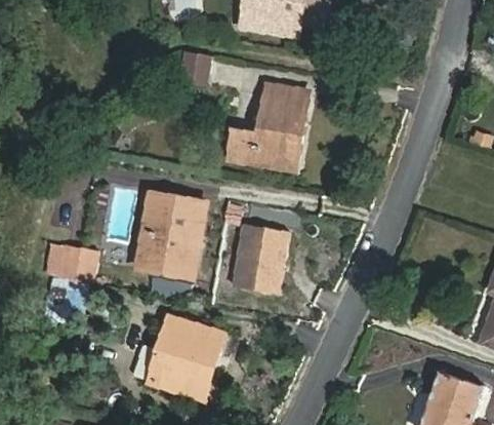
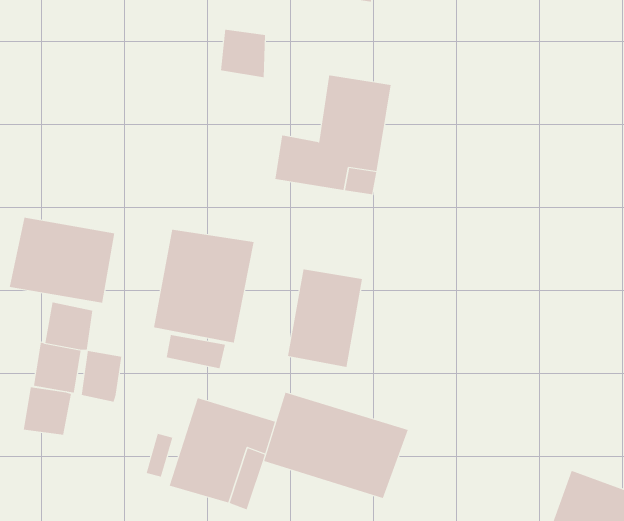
building: none -> [9,217,115,303]
building: none -> [81,350,122,402]
building: none -> [23,386,71,435]
building: none -> [264,392,408,499]

